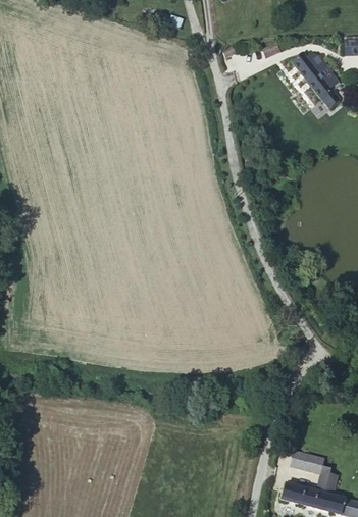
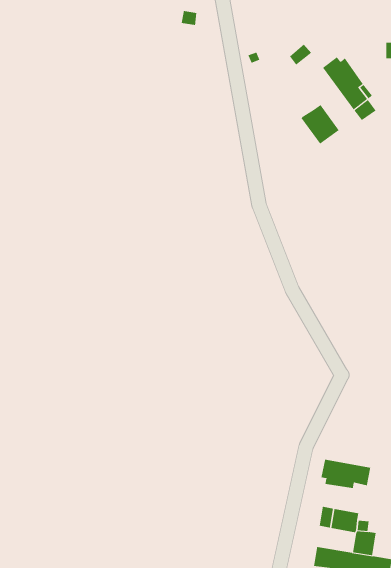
building: none -> [301,104,340,144]
building: none -> [321,459,371,489]

